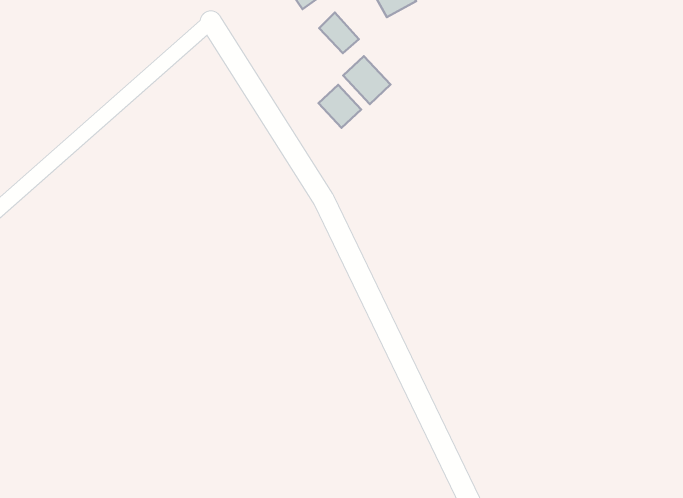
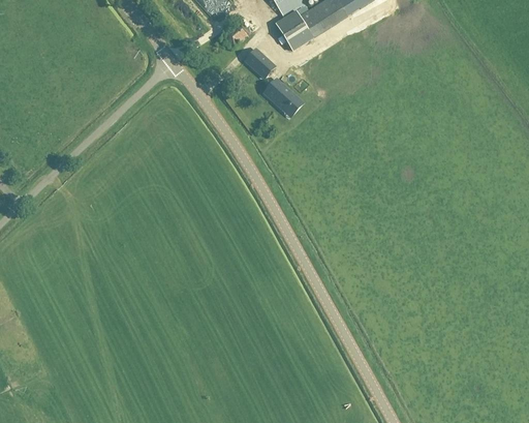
building: [318,85,361,128] -> none

